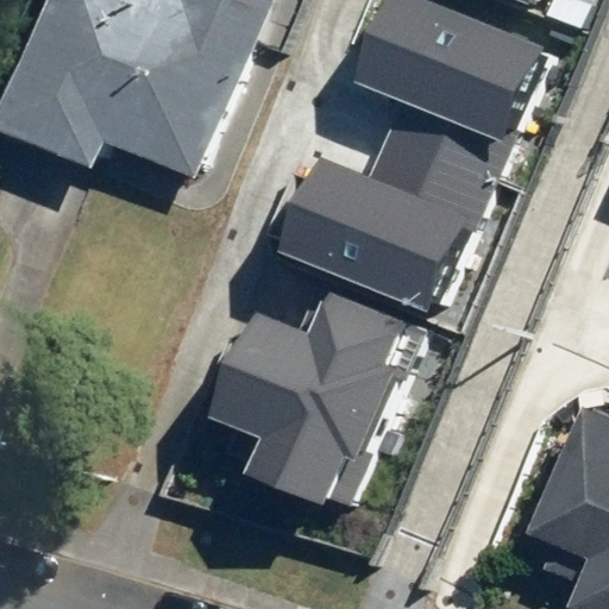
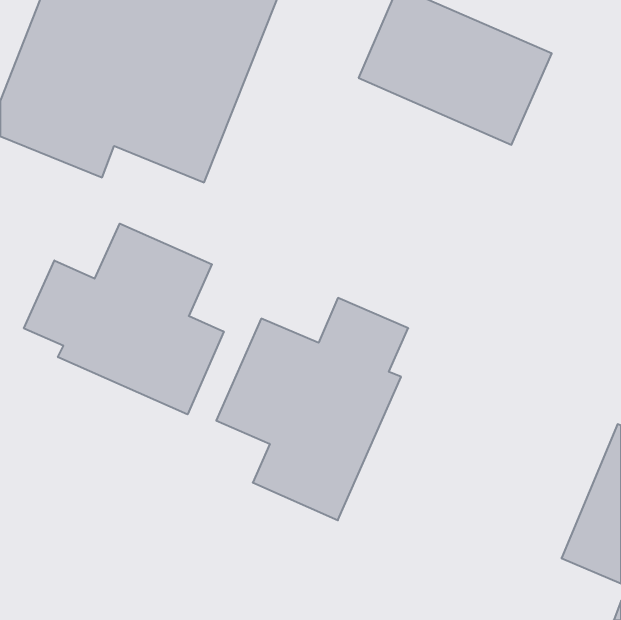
building: [278,107,494,315] -> none
building: none -> [24,224,224,414]

